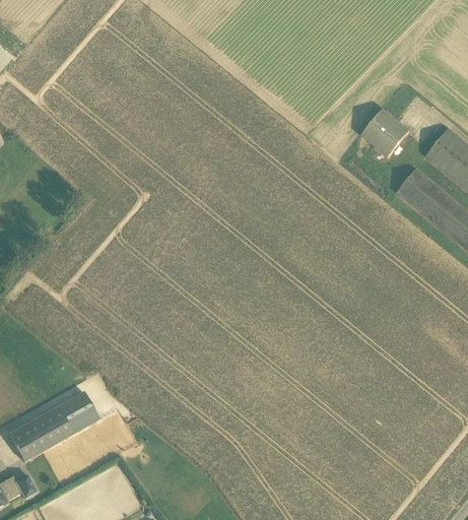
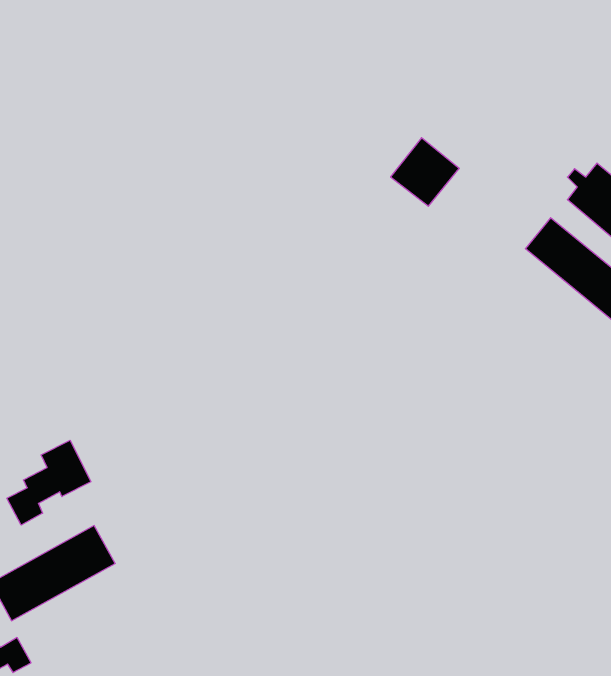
building: [359,108,409,157] -> [391,138,459,206]
building: none -> [7,440,91,525]

